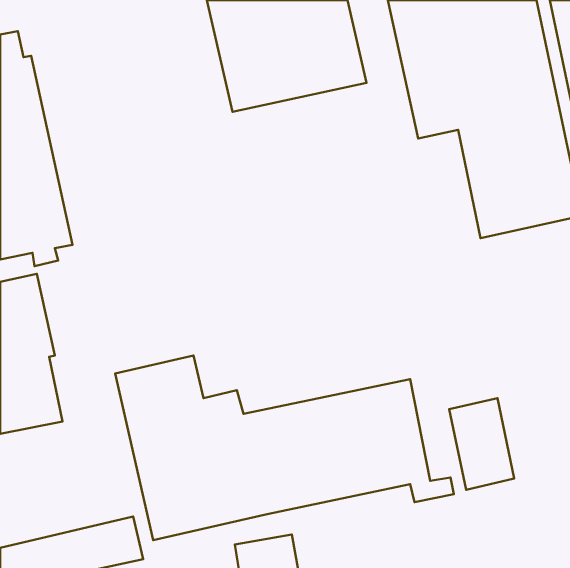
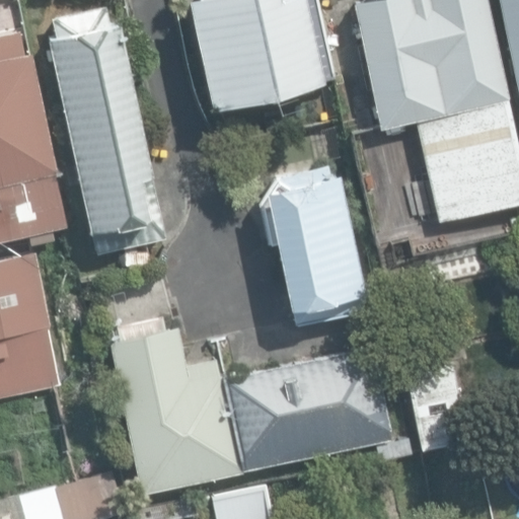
building: none -> [48,7,161,254]
building: none -> [265,175,366,326]

